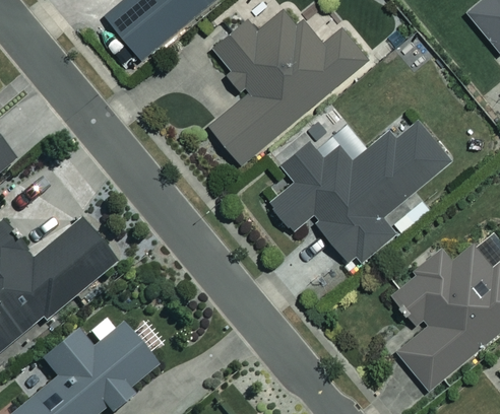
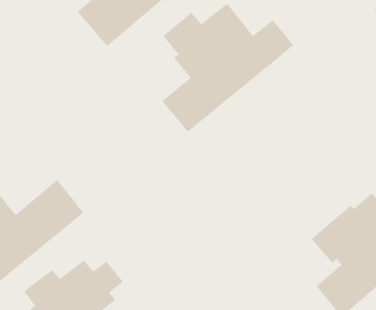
building: [270,124,453,266] -> none

